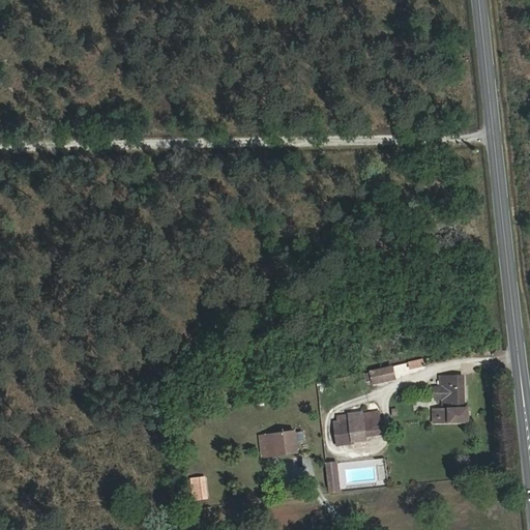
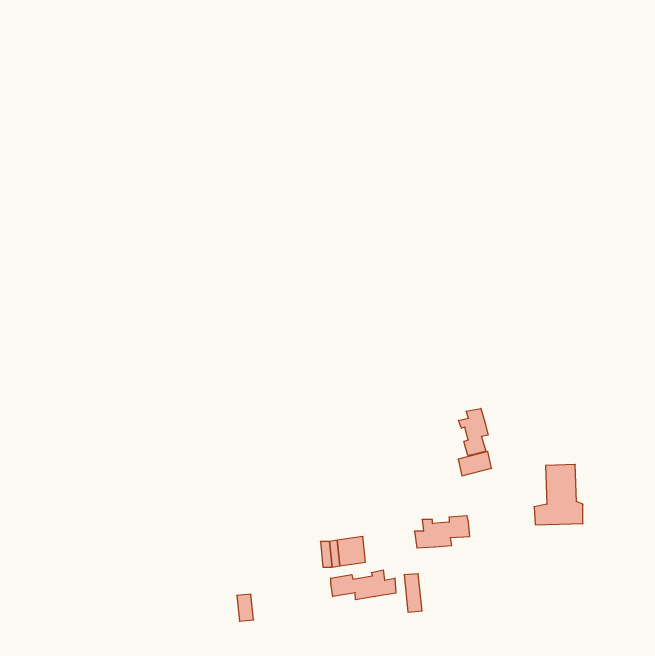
building: none -> [459,408,488,455]
building: none -> [331,570,396,600]

